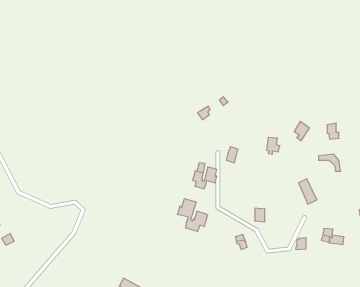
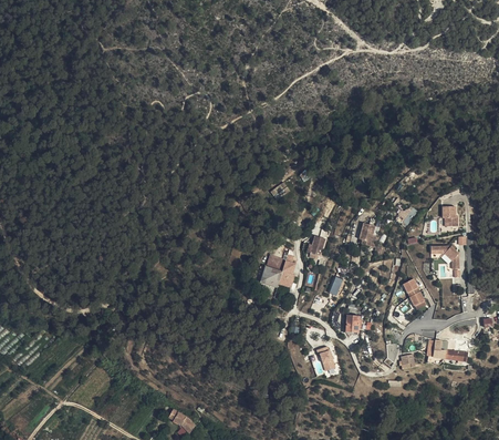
building: [178,199,207,231] -> none

